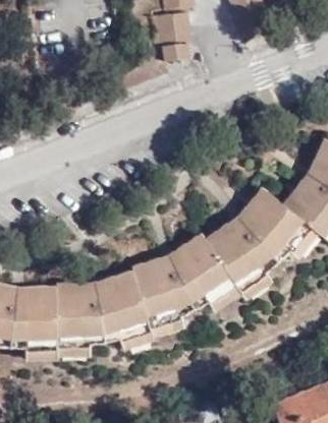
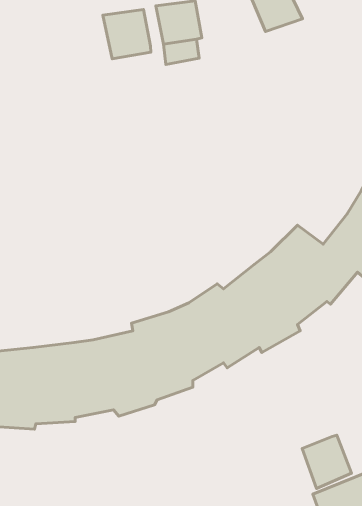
building: none -> [103,9,151,59]
building: none -> [302,435,352,489]

